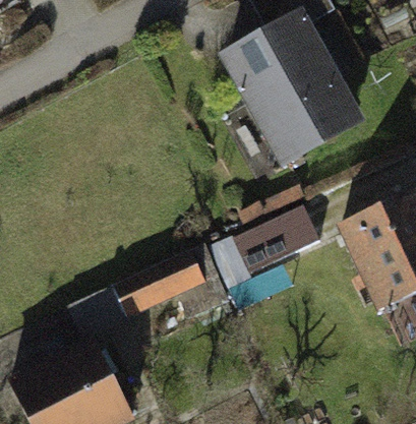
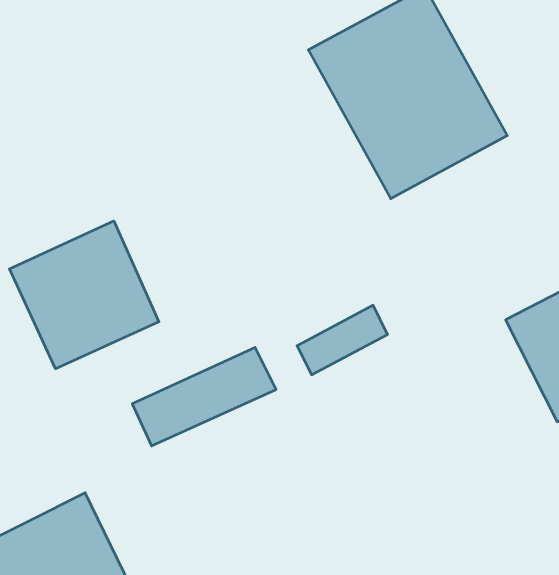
building: none -> [9,221,159,369]

